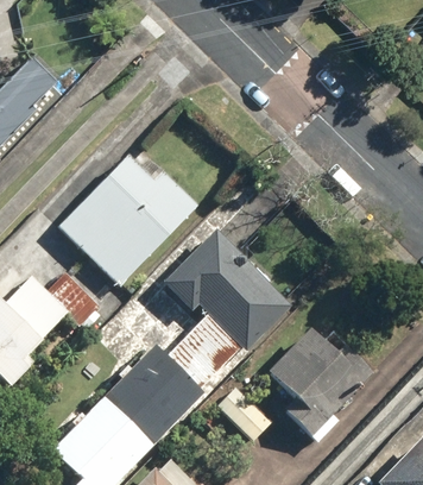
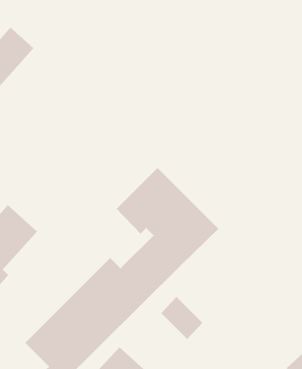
building: [57,144,202,289] -> none
building: [266,325,377,443] -> none

